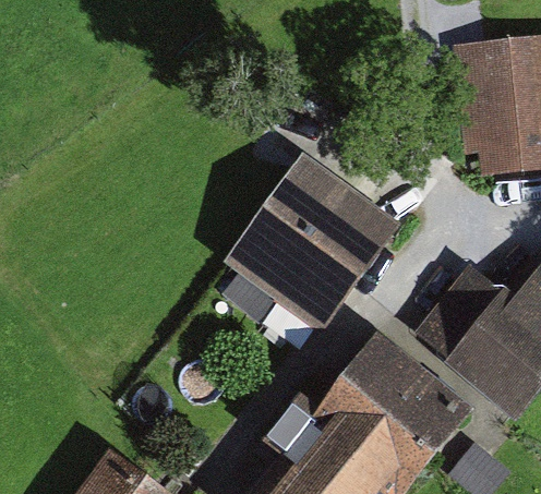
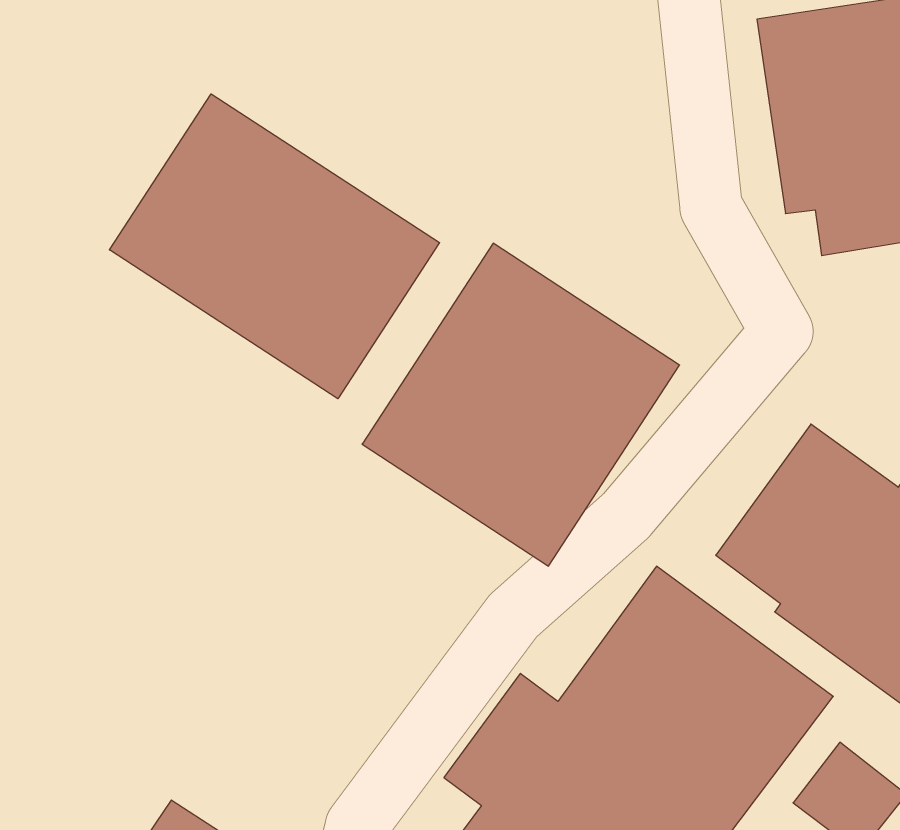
building: none -> [109,94,440,399]

